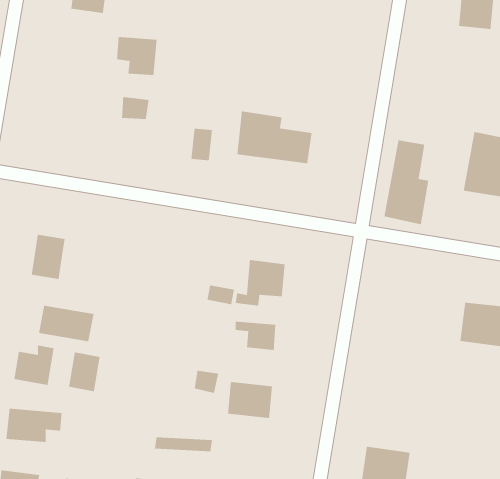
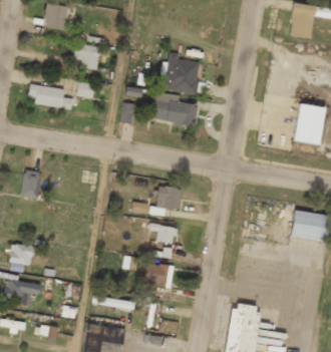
building: none -> [164,51,201,93]
building: none -> [28,82,73,108]
building: [384,140,429,225] -> none
building: [38,305,94,342] -> none
building: [68,352,101,392] -> none

